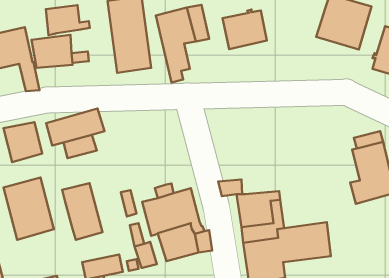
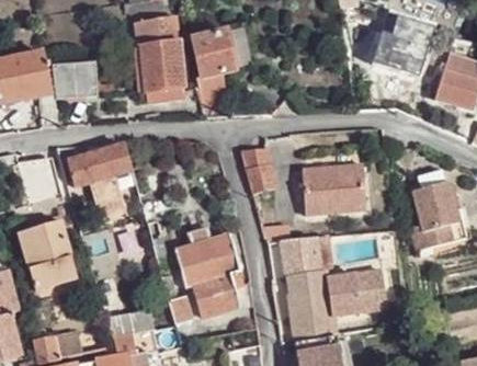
building: [46,5,90,35] -> none
building: [222,9,267,49] -> none
building: none -> [240,148,274,193]
building: none -> [304,163,366,214]
building: [62,183,102,240] -> none

